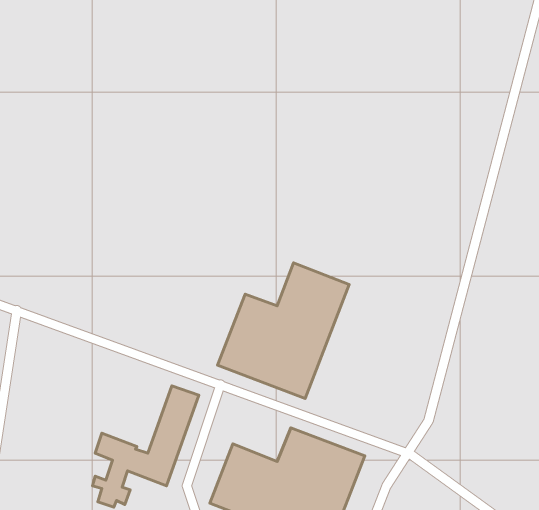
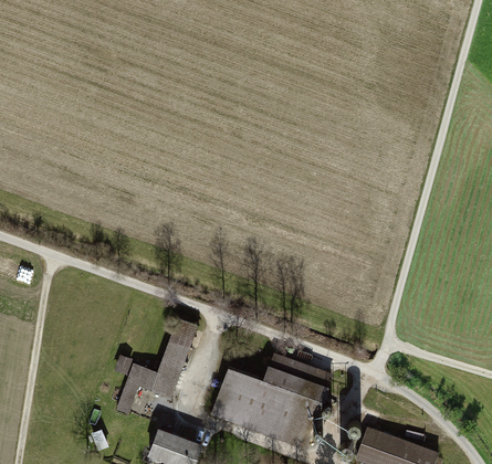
building: [218,263,349,398] -> none

